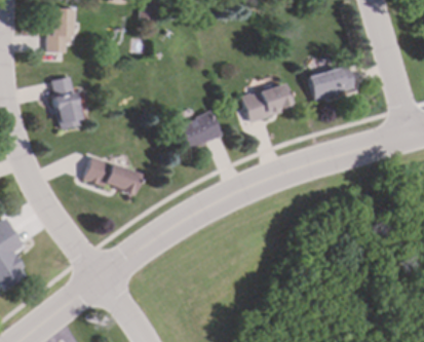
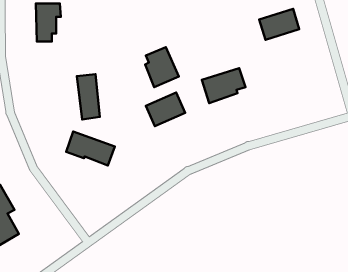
building: none -> [145,47,179,87]
building: [306,65,352,101] -> [259,9,299,40]
building: [52,77,79,129] -> [77,74,100,120]

